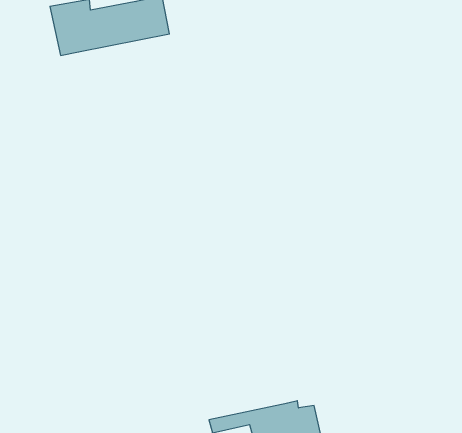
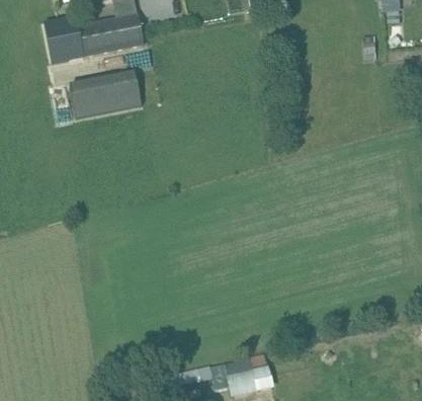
building: none -> [68,71,141,115]

